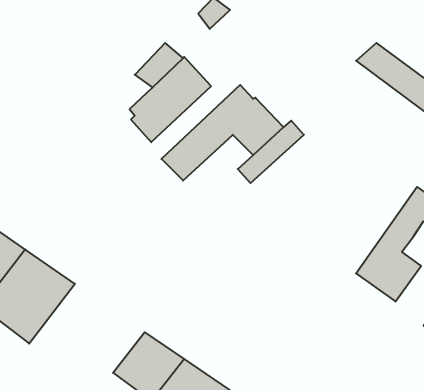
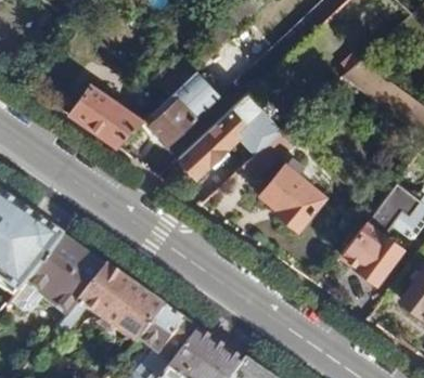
building: none -> [68,84,144,148]
building: none -> [261,154,327,229]
building: none -> [54,264,164,343]

